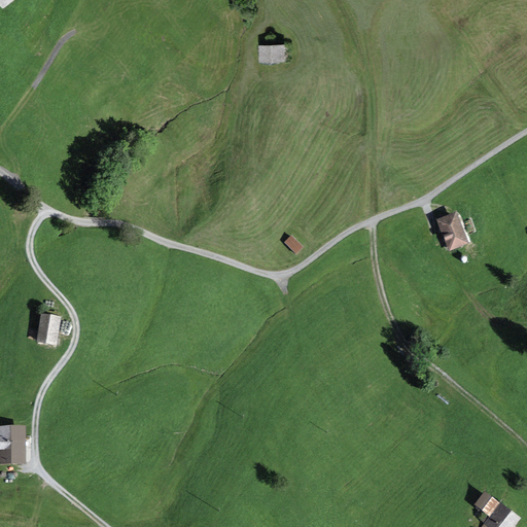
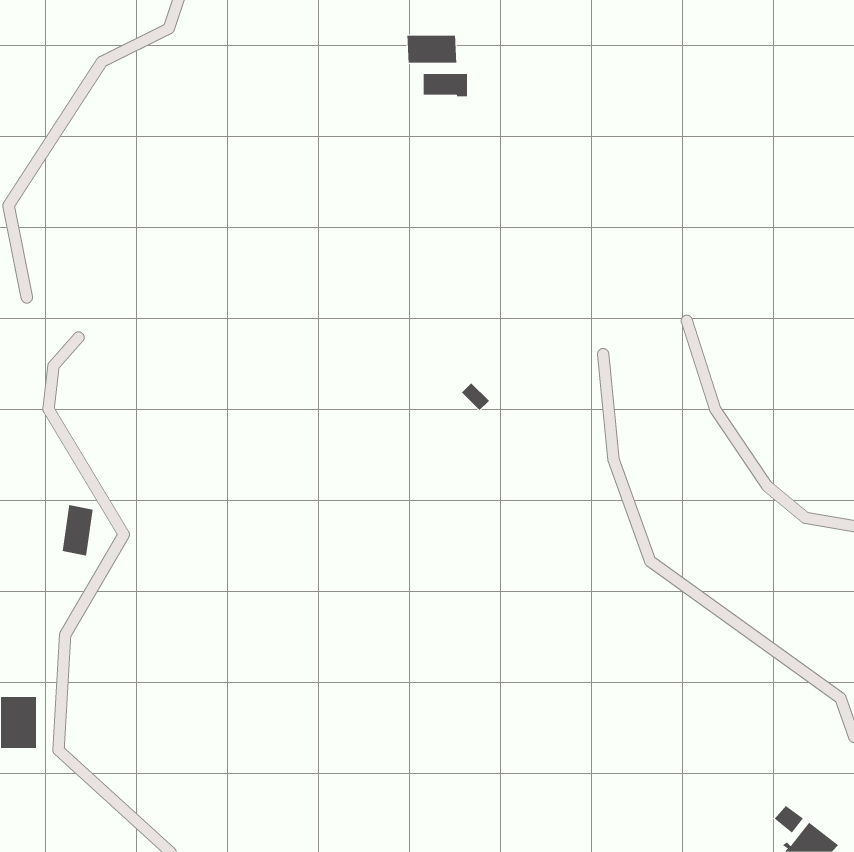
building: none -> [407,35,457,64]
building: [440,215,464,247] -> none

